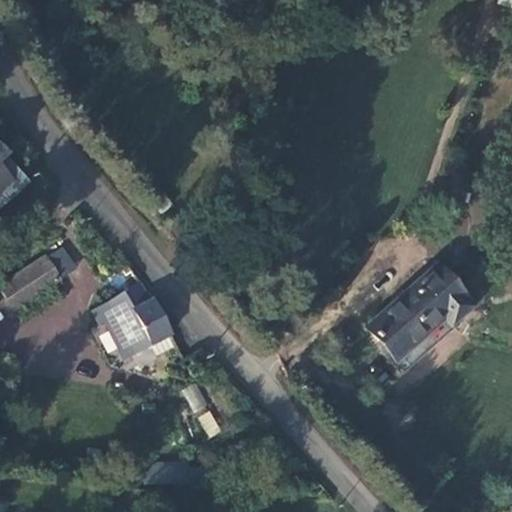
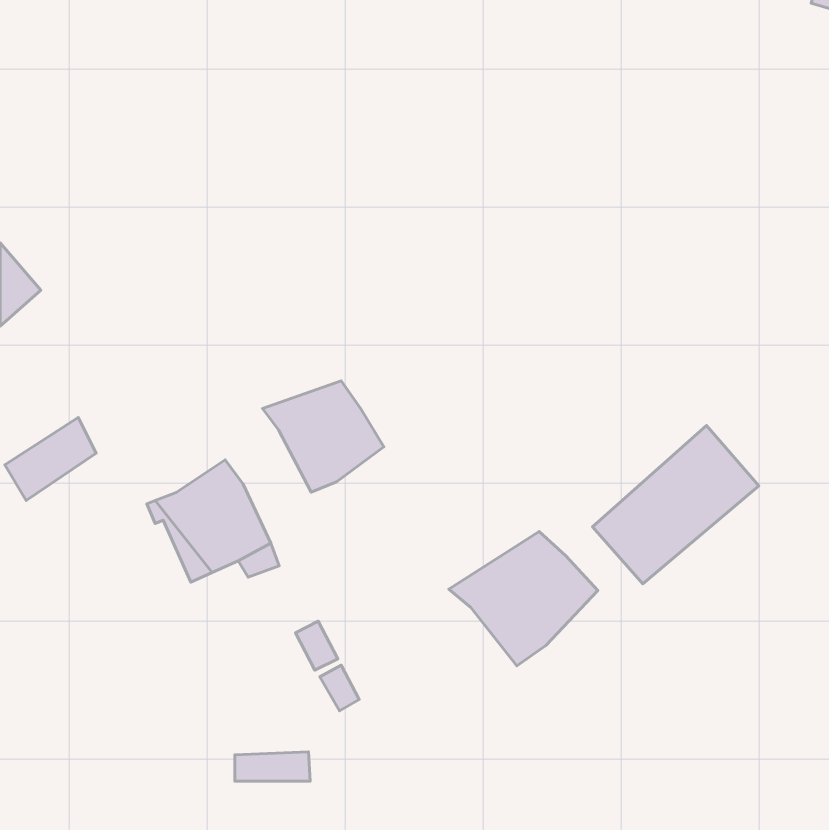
building: none -> [262,381,384,492]
building: none -> [449,532,598,666]

